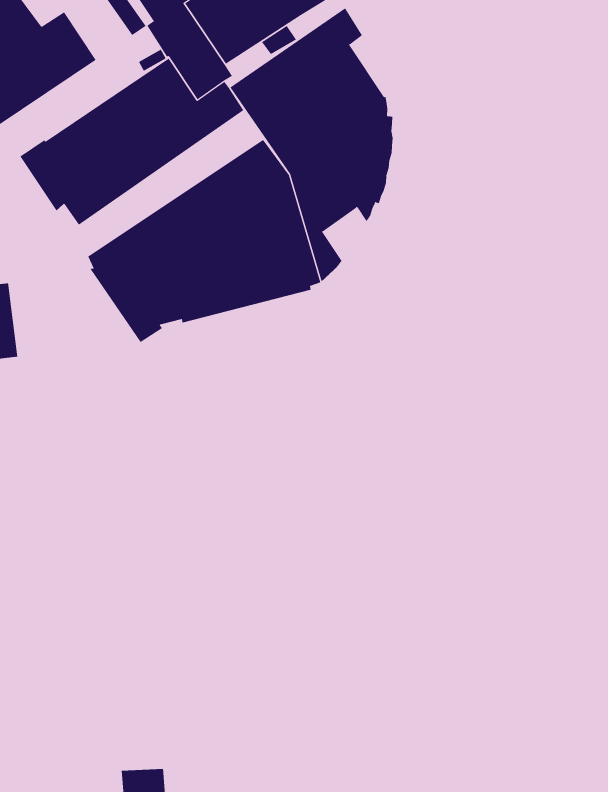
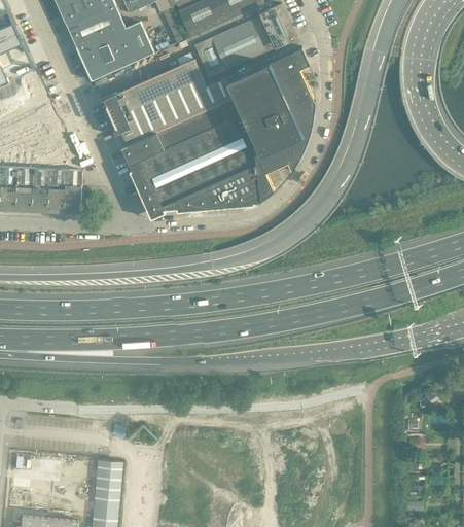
building: none -> [120,96,241,164]

